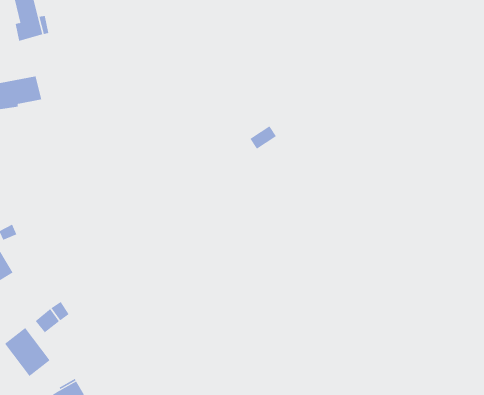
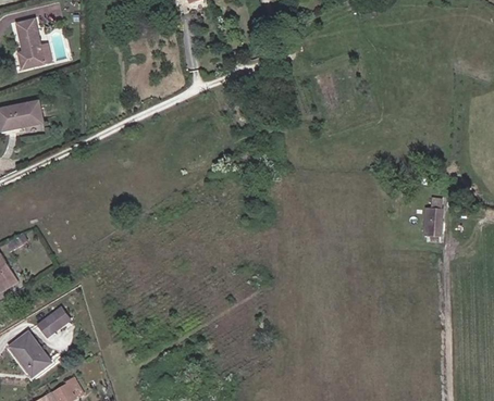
building: none -> [423,198,442,240]

